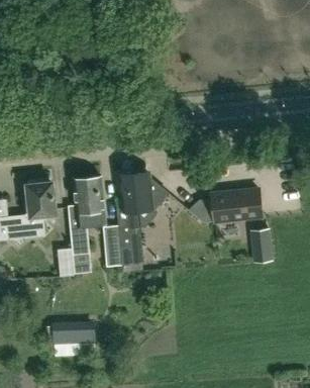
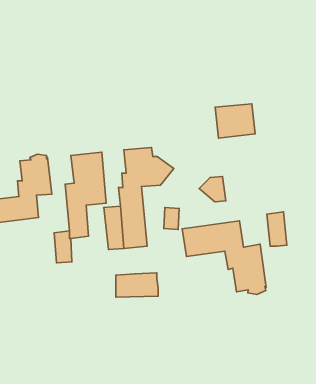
building: [224,189,261,220] -> [215,104,255,138]
building: none -> [182,221,266,294]
building: [54,324,92,347] -> [116,273,158,297]

